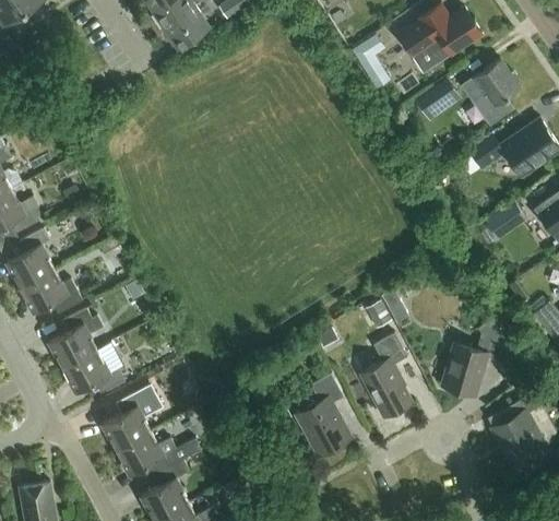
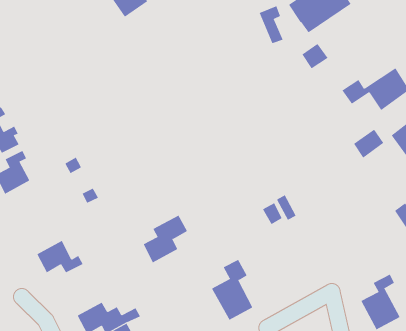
building: [462,60,520,127] -> none
building: [20,270,82,313] -> none
building: [49,309,102,368] -> none
building: [442,320,509,395] -> none
building: [359,333,412,418] -> none
building: [103,386,163,450] -> [143,215,188,263]

